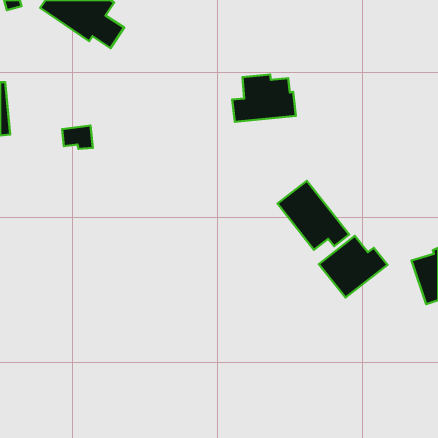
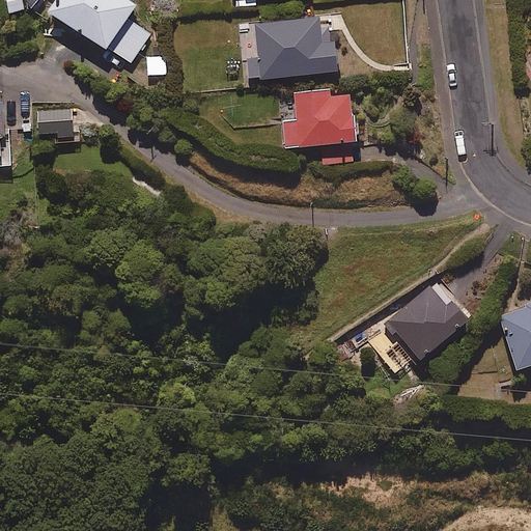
building: none -> [244,16,337,81]
building: [62,126,93,149] -> [39,108,77,136]
building: [278,181,349,250] -> none

